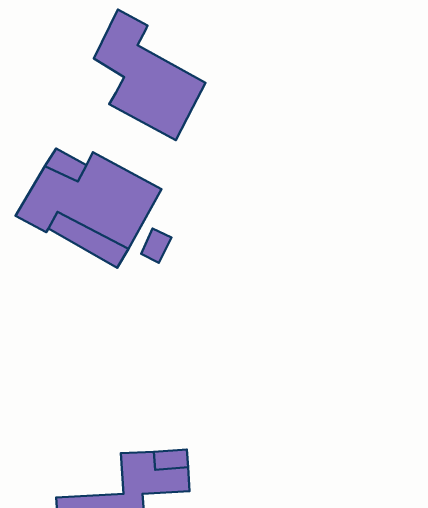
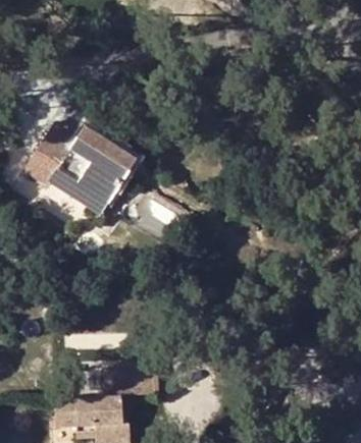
building: [94,10,205,140] -> none

